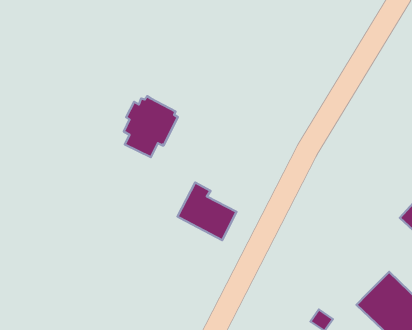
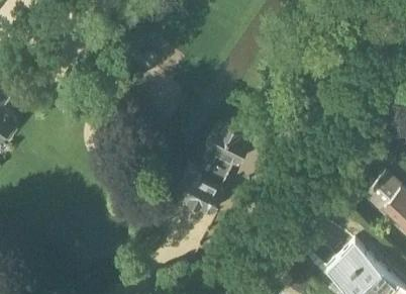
building: [124,96,178,157] -> [205,121,251,174]

